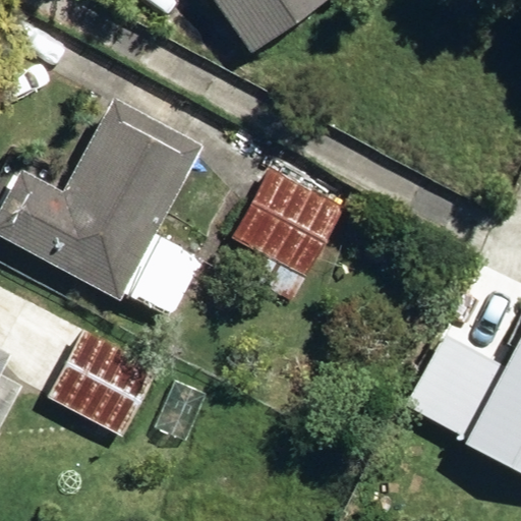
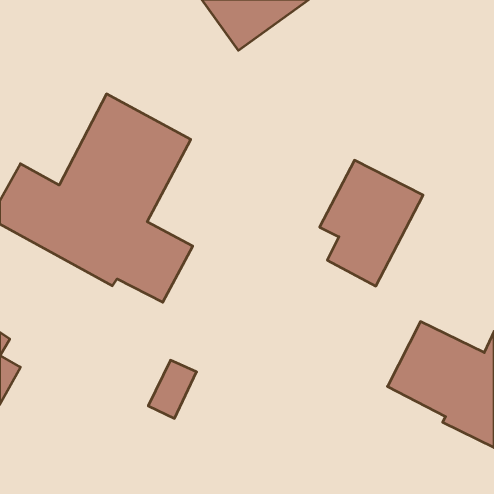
building: [235,168,344,300] -> [320,160,423,286]
building: [51,330,158,432] -> none

